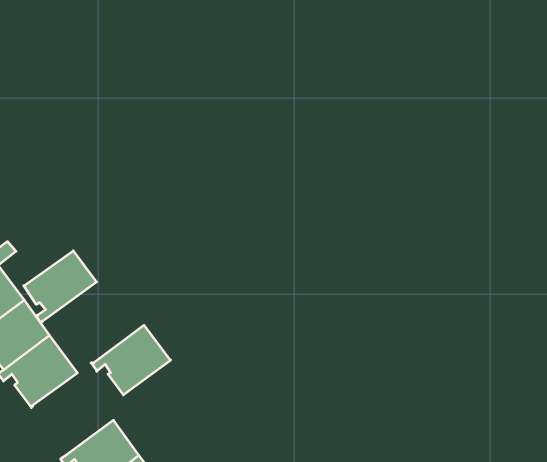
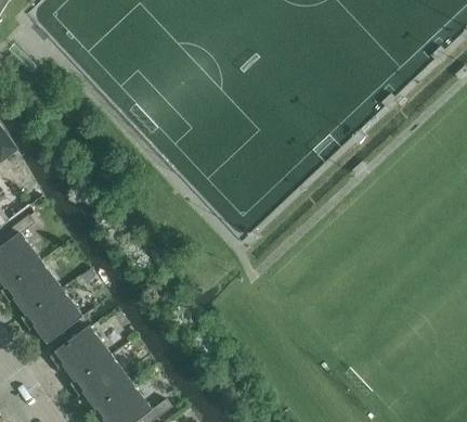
building: [24,251,97,323] -> none
building: [91,325,171,395] -> [48,327,109,381]

